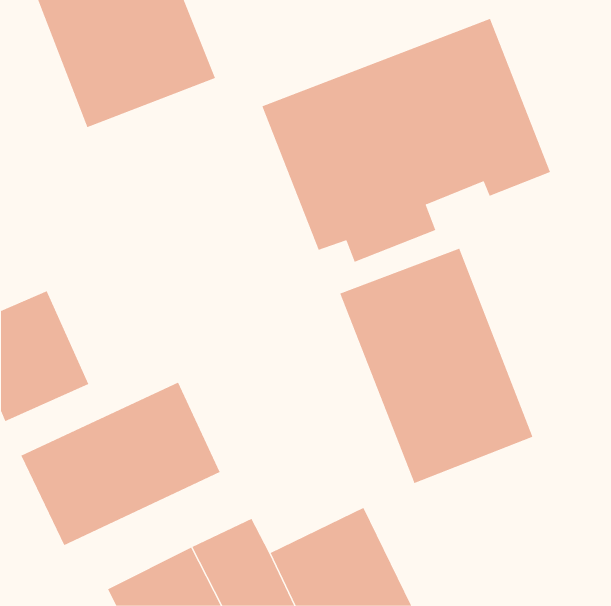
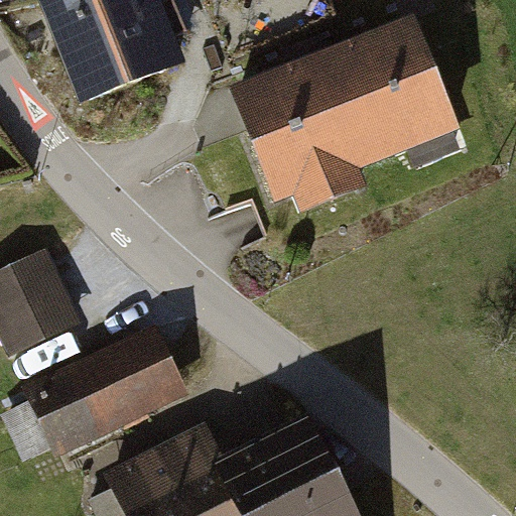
building: [340,248,533,484] -> none

